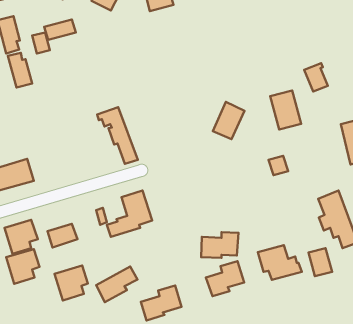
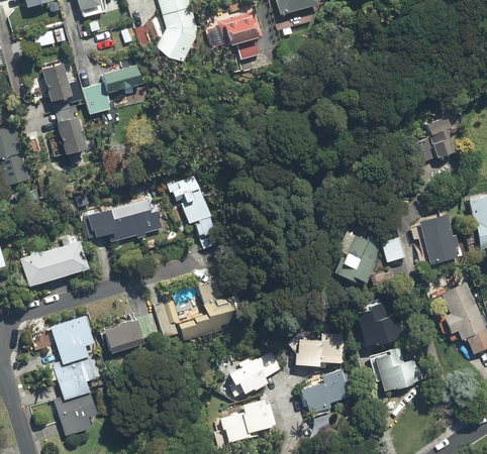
building: [270,91,301,130] -> [419,216,458,264]
building: [213,102,245,139] -> [338,236,378,282]
building: none -> [91,201,160,241]
building: none -> [357,306,402,346]
building: [308,248,332,276] -> none
building: [55,266,88,300] -> [55,390,96,434]
building: [96,267,137,302] -> [228,352,280,396]

